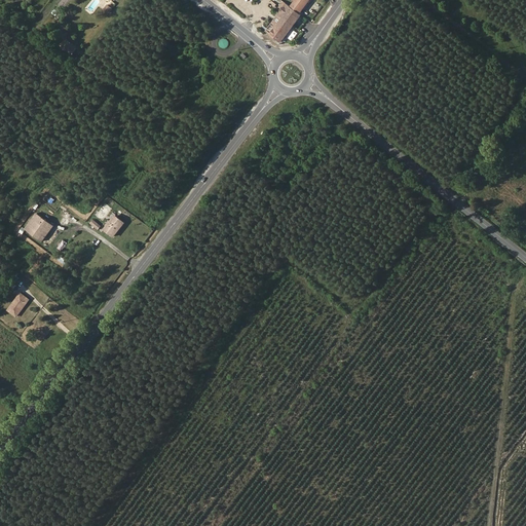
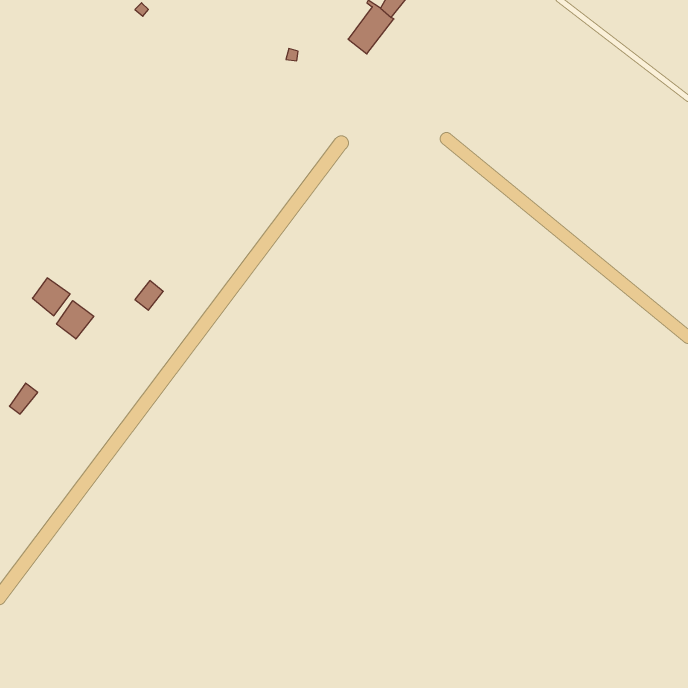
building: none -> [57,301,94,339]

